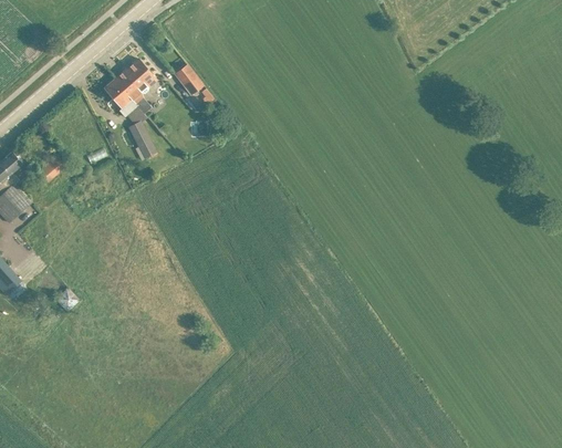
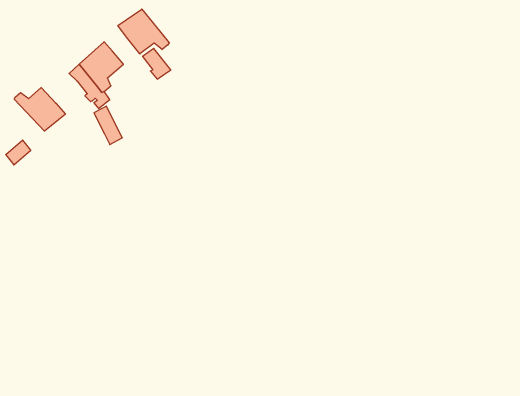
building: none -> [118,9,169,54]
building: none -> [14,88,65,131]

